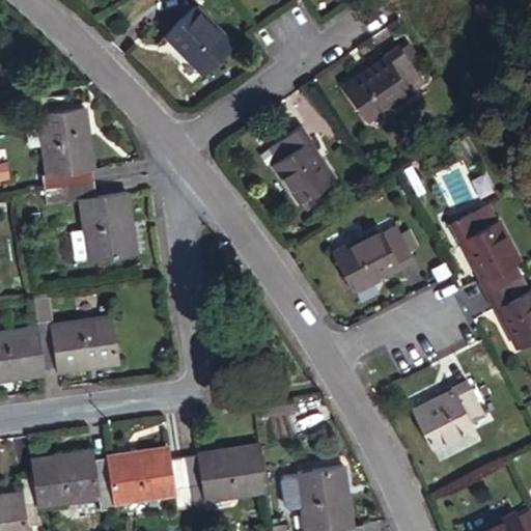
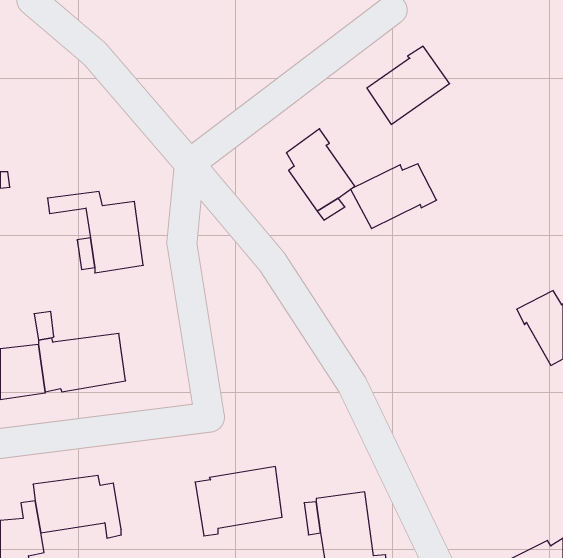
building: [167,8,233,75] -> none
building: [39,110,94,191] -> none
building: [449,203,521,296] -> none
building: [333,228,414,289] -> [351,164,437,229]
building: [413,381,485,448] -> none
building: [107,449,192,510] -> none

